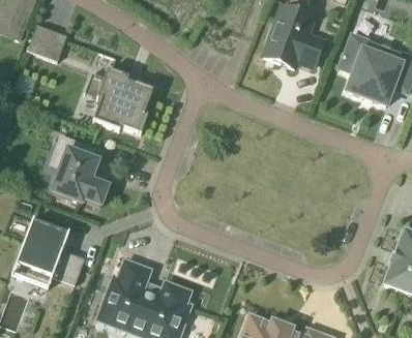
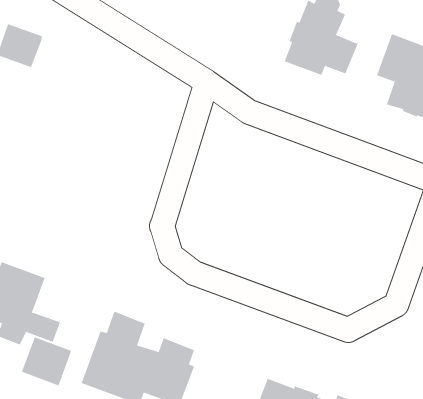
building: [92,68,152,133] -> none
building: [51,139,108,206] -> none
building: none -> [21,337,72,386]

